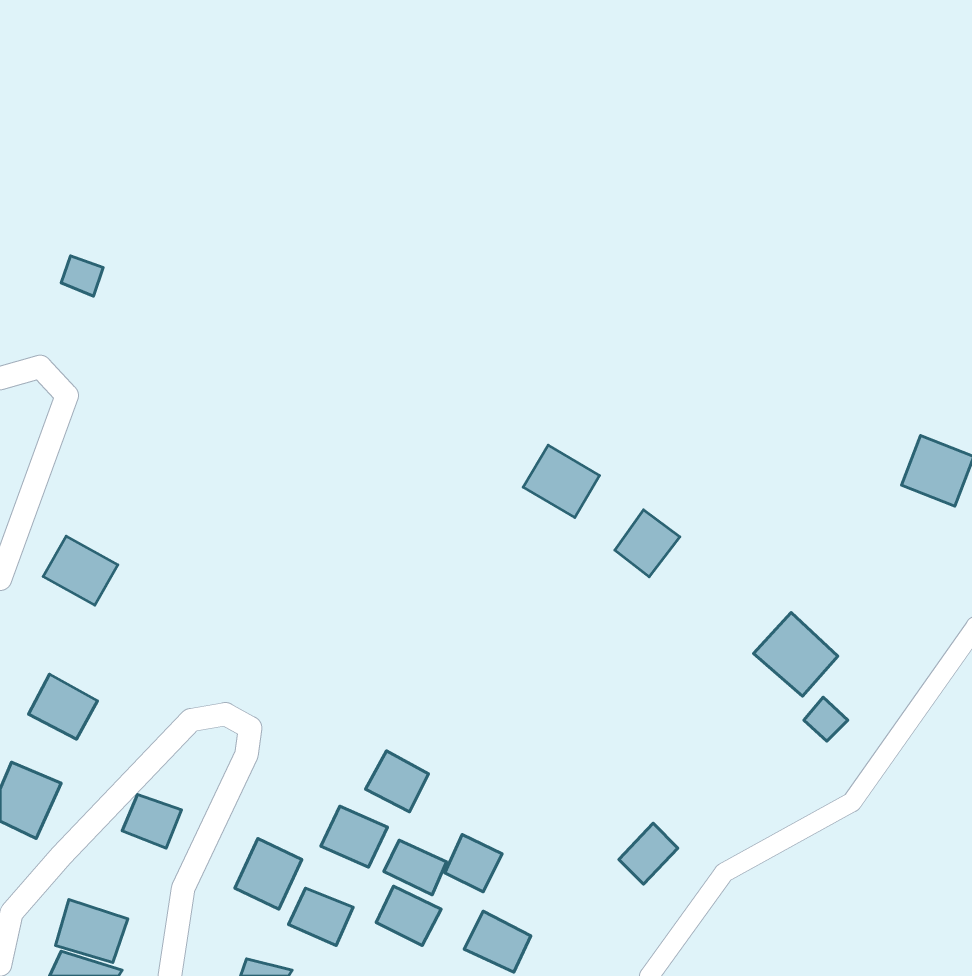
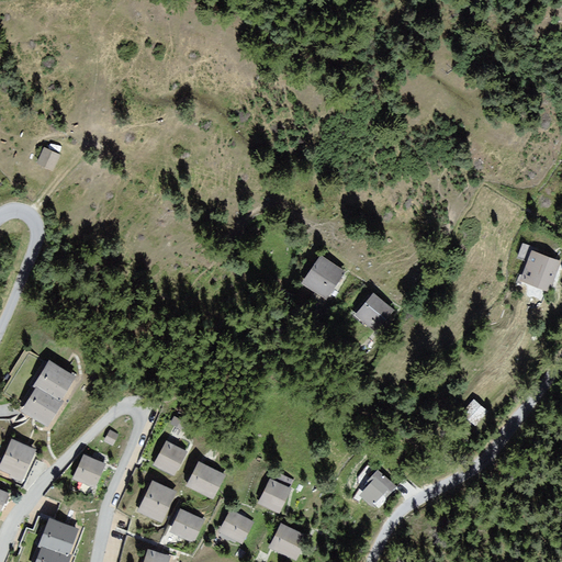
building: [43,536,118,605] -> [32,361,75,401]
building: [753,613,838,696] -> none
building: [366,751,429,812] -> [154,441,190,476]
building: [384,840,446,895] -> none

